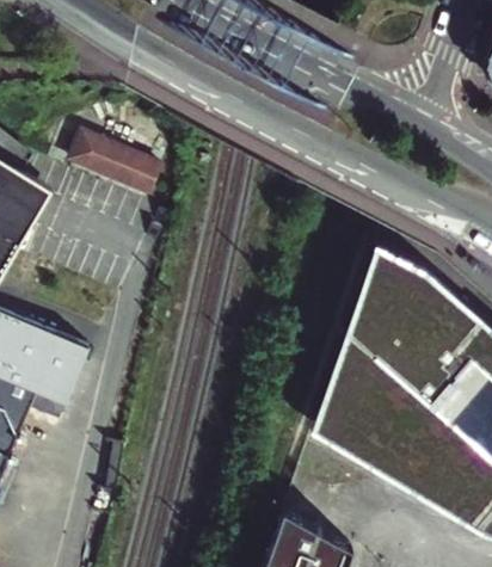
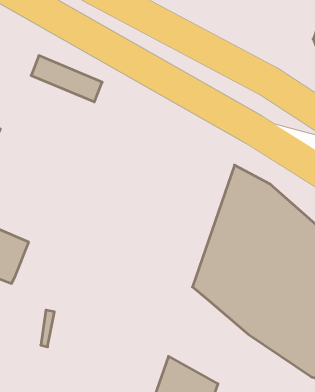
building: [68,131,167,196] -> [31,56,102,102]

